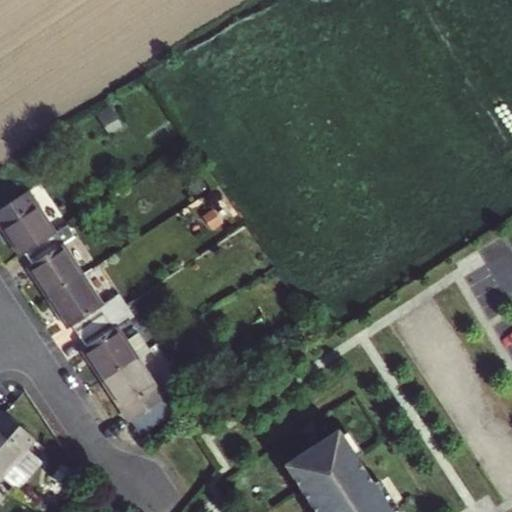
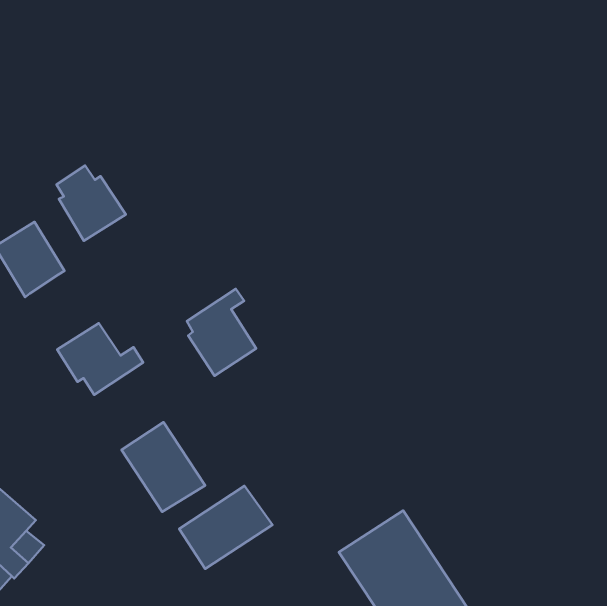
building: [25,233,83,296] -> [57,166,126,241]
building: [79,307,137,380] -> [187,289,256,376]
building: none -> [179,486,272,569]

